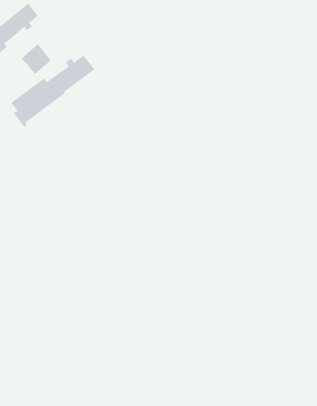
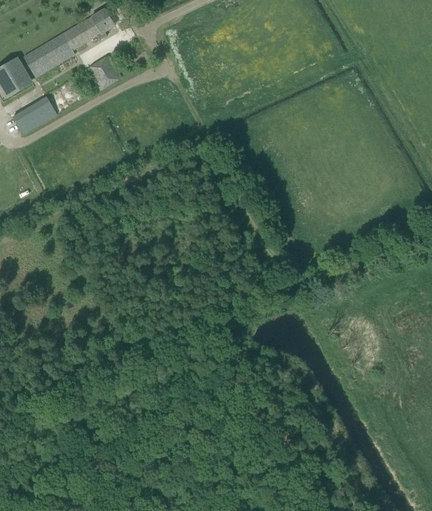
building: [10,55,95,127] -> none

